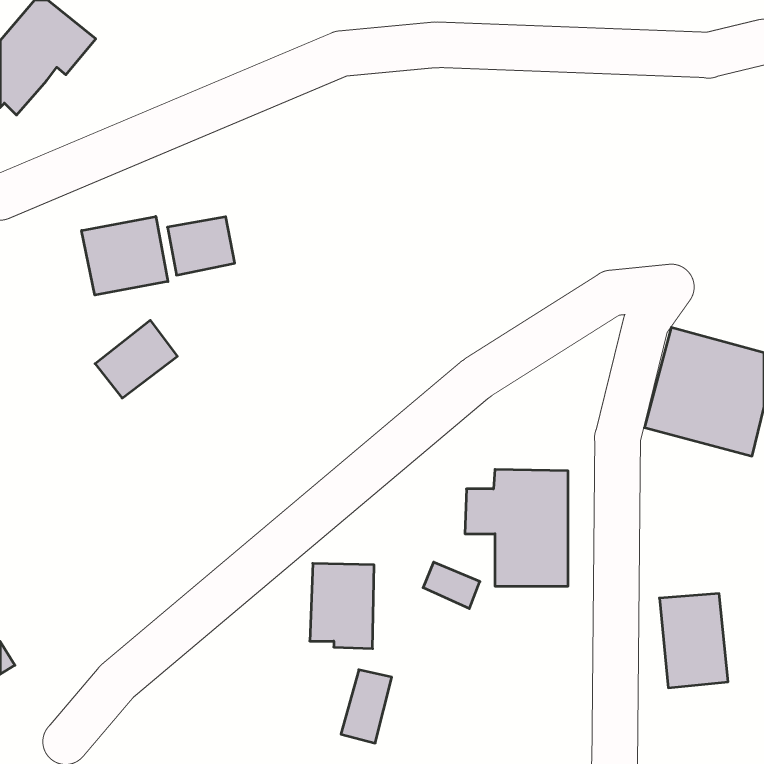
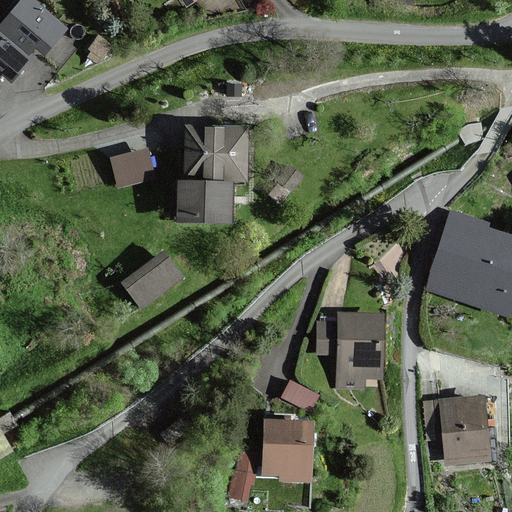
building: none -> [177,126,248,222]
building: [82,216,168,295] -> none
building: [95,320,177,398] -> [125,252,180,304]
building: [310,563,374,649] -> [266,420,309,477]

